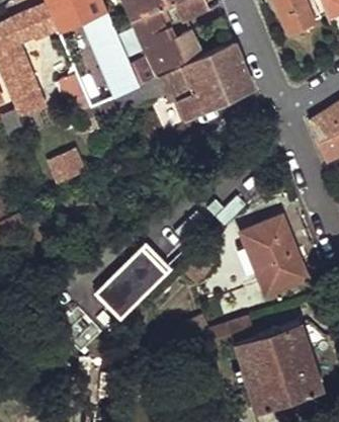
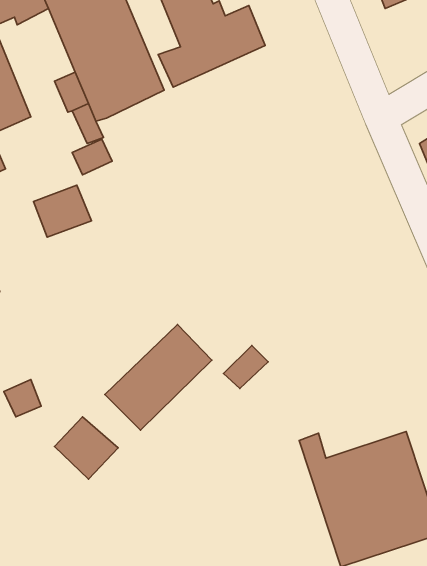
building: [97,43,252,117] -> none
building: [239,219,306,294] -> none

